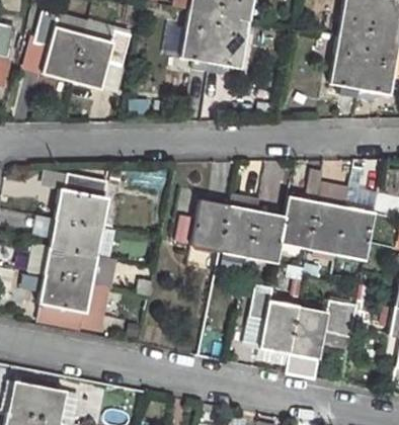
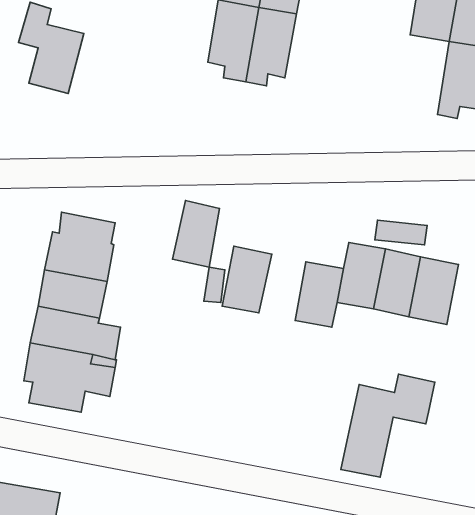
building: [72,29,131,88] -> none
building: [329,35,368,97] -> none
building: [220,205,256,257] -> [173,201,220,267]
building: [247,284,298,353] -> none

